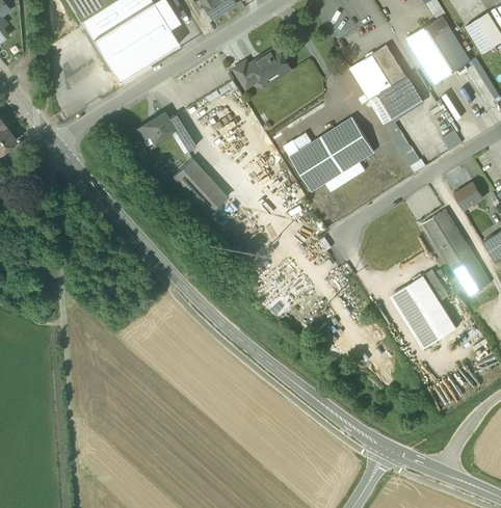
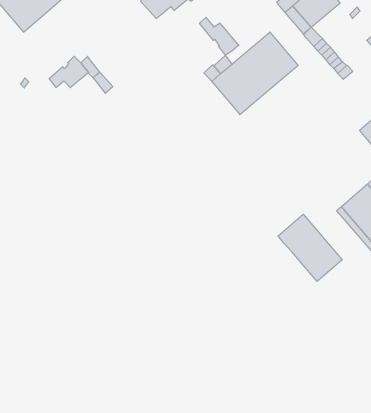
building: none -> [200,17,239,55]
building: [173,159,227,215] -> none
building: none -> [278,214,342,281]

